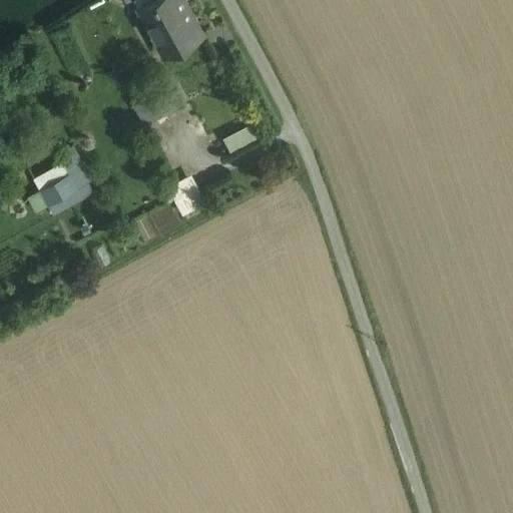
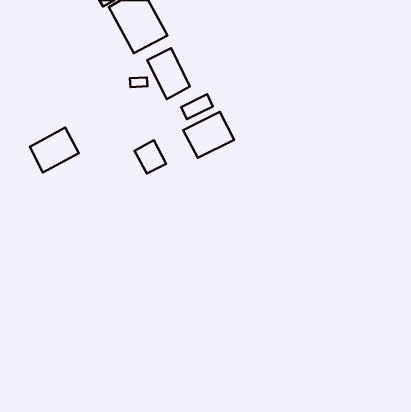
building: none -> [147,48,190,99]
building: none -> [183,112,234,158]

